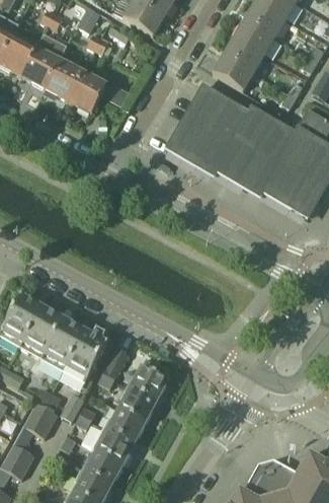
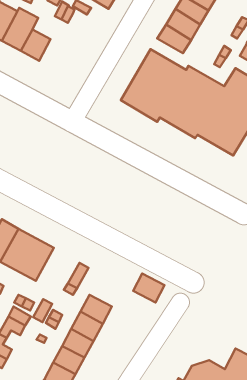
building: [67,73,105,113] -> none
building: [63,330,106,381] -> none
building: [129,366,167,402] -> [133,274,165,302]

